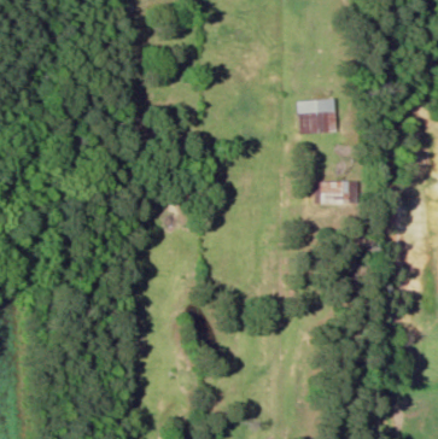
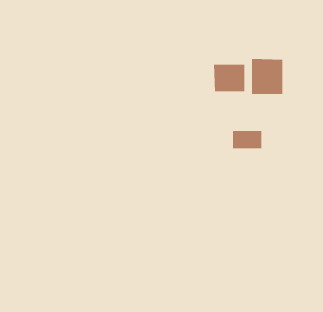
building: none -> [251,58,283,95]

